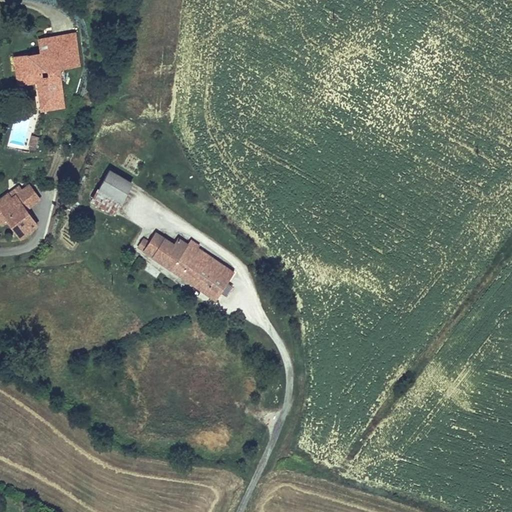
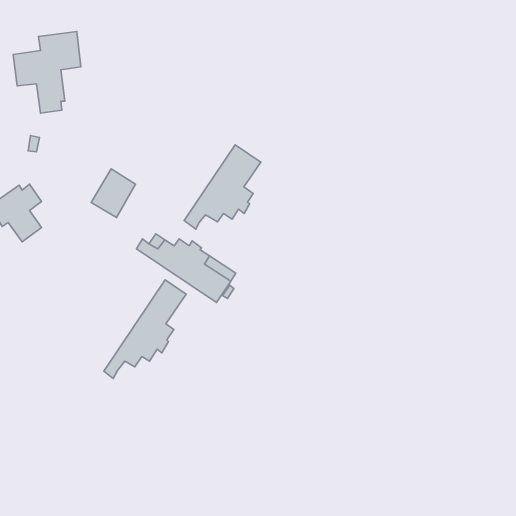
building: none -> [184,145,261,229]
building: none -> [104,280,186,378]

